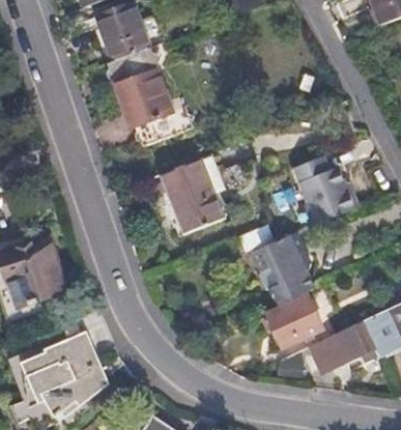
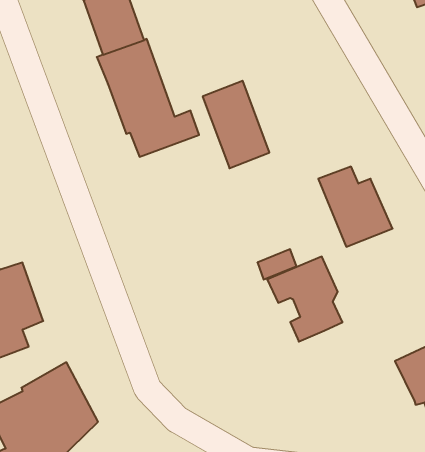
building: [162,160,219,234] -> [203,81,269,168]
building: [265,295,321,346] -> none
building: [310,321,378,372] -> none

